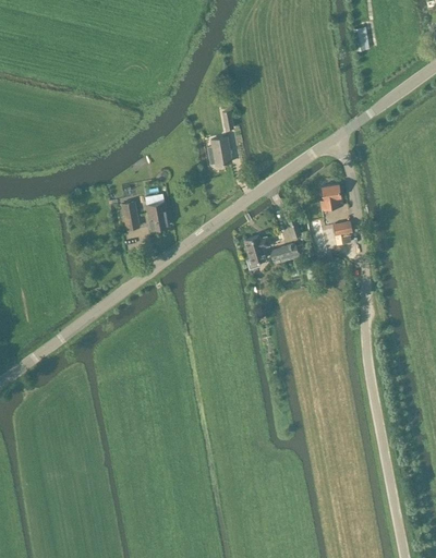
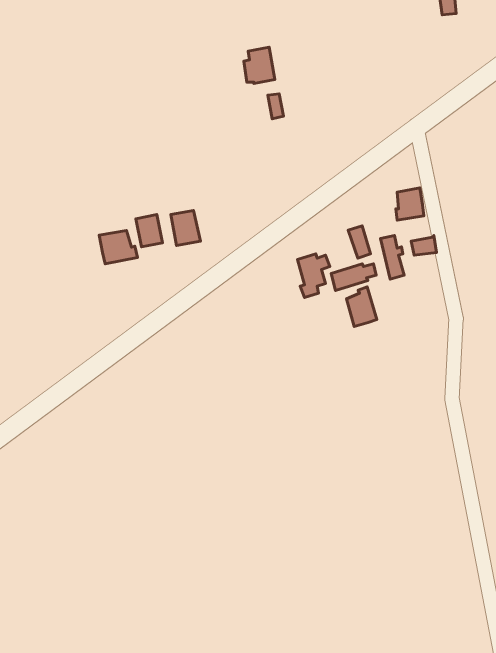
building: [207,136,231,165] -> [244,47,275,84]
building: none -> [99,230,138,264]
building: none -> [346,287,377,327]

